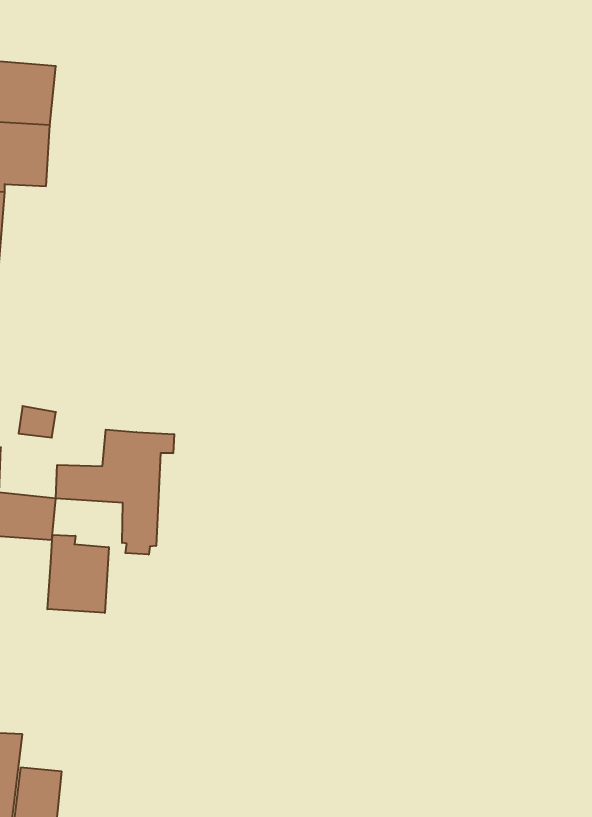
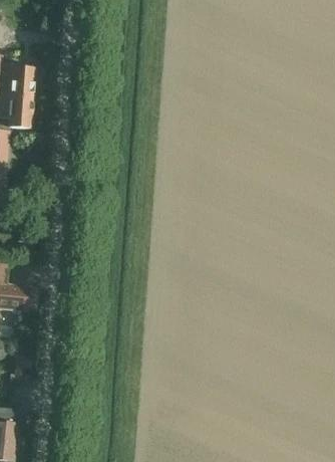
building: [56,430,174,555] -> none
building: [47,535,109,613] -> none

